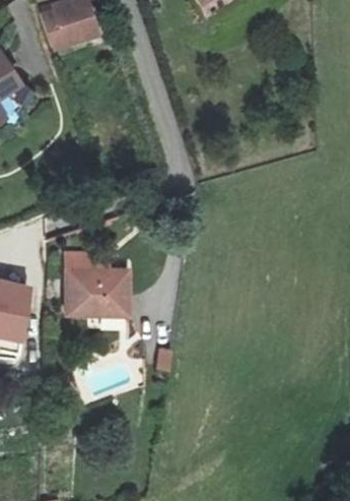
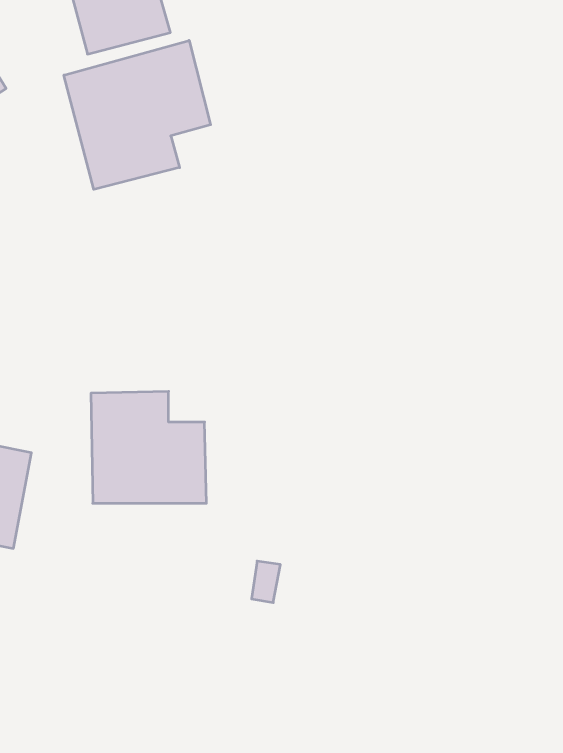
building: none -> [64,40,211,189]

